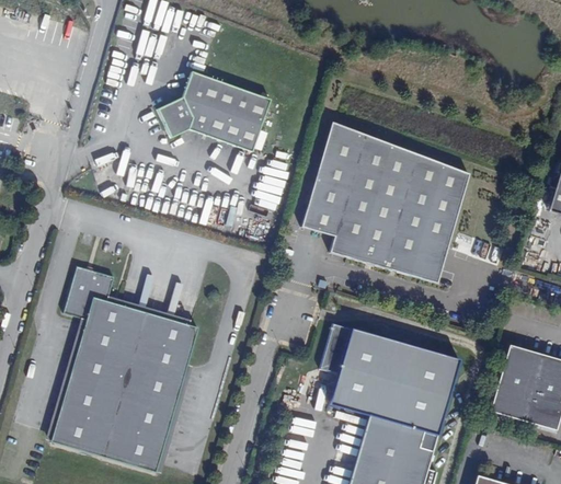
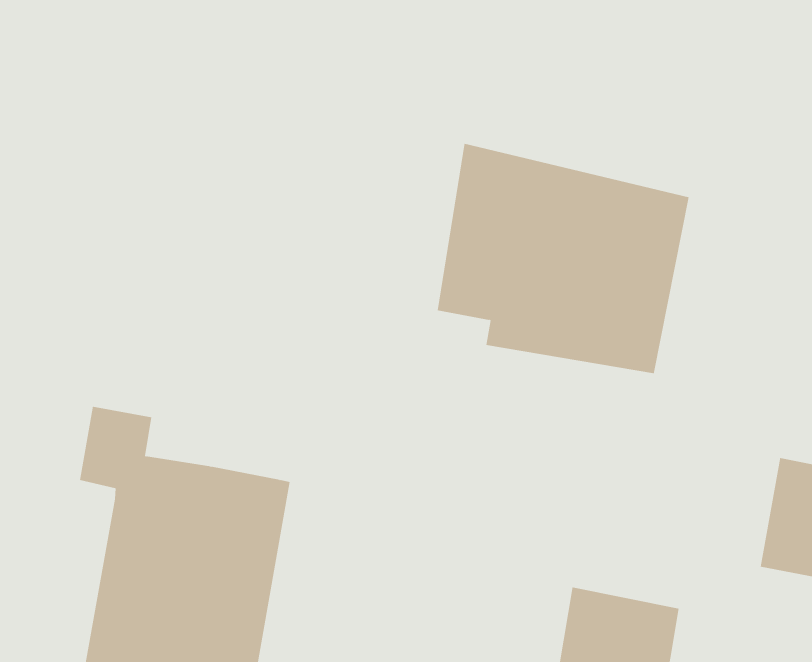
building: [157,70,270,151] -> none
building: [320,320,458,433] -> none

